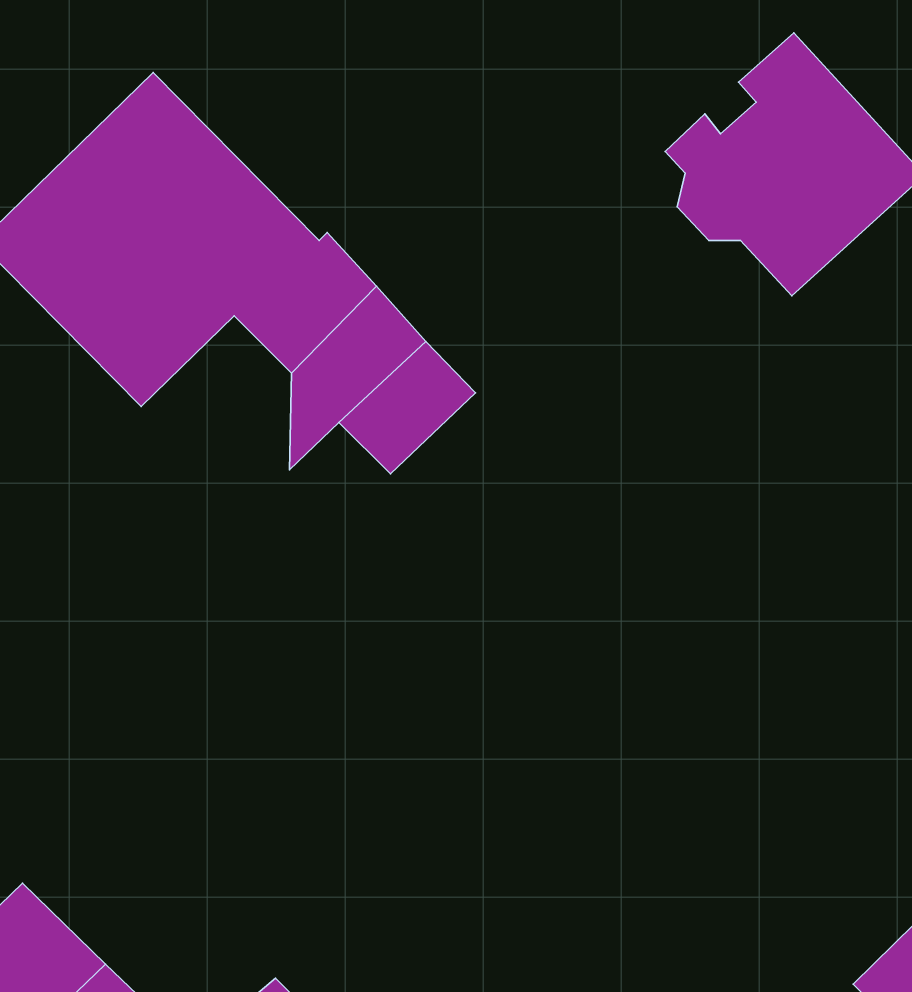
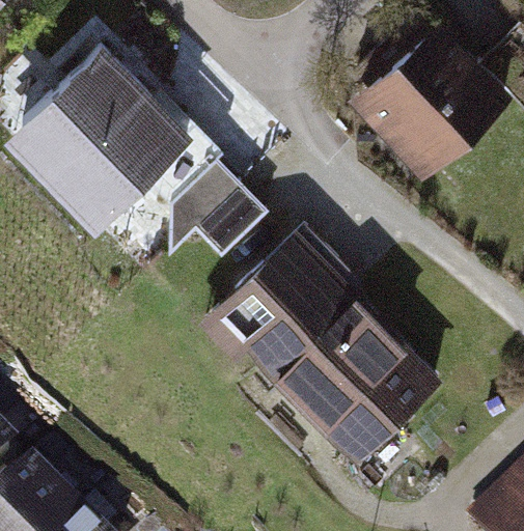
building: none -> [210,233,431,450]

